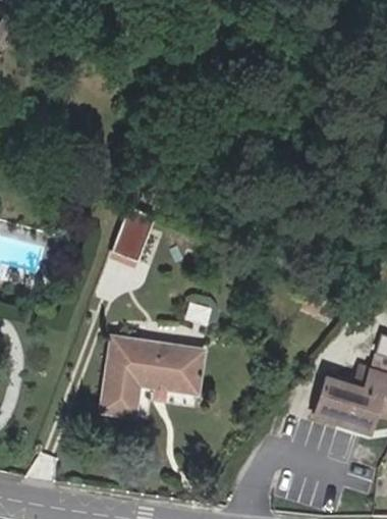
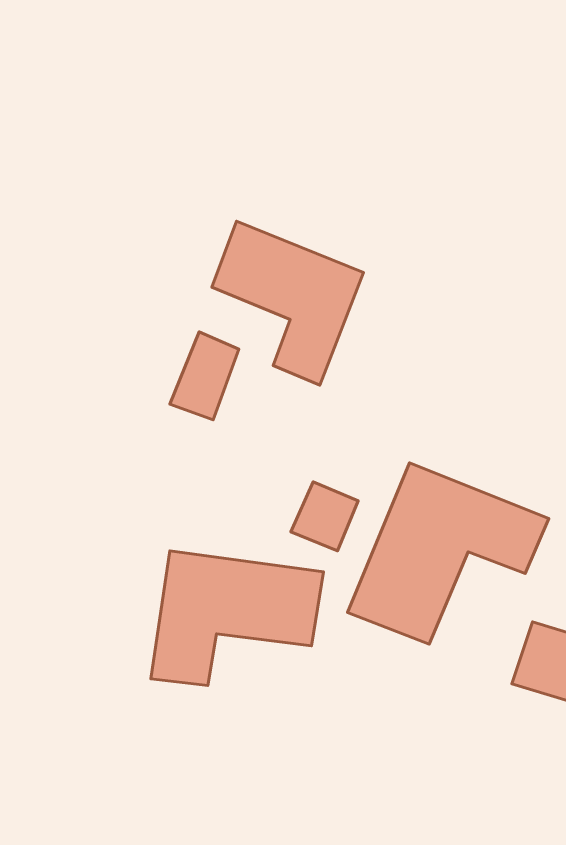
building: none -> [212,221,364,385]
building: none -> [347,463,549,644]

